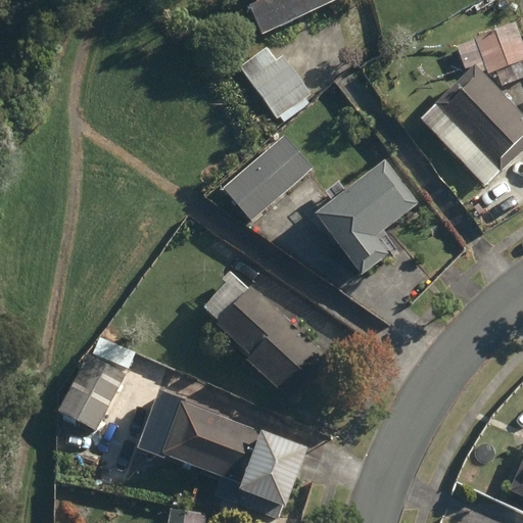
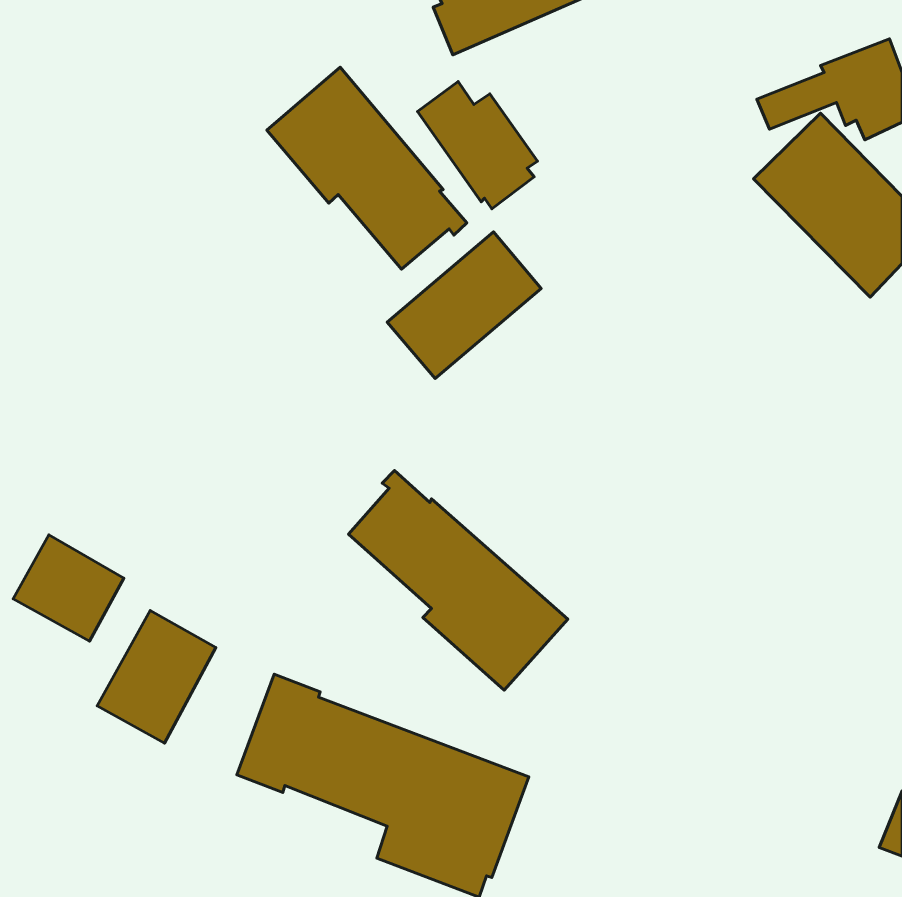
building: none -> [267,67,467,269]
building: [317,161,417,273] -> none
building: none -> [13,535,124,641]

